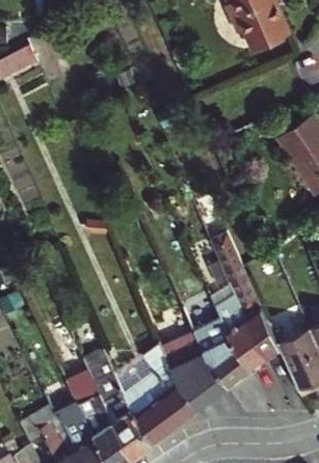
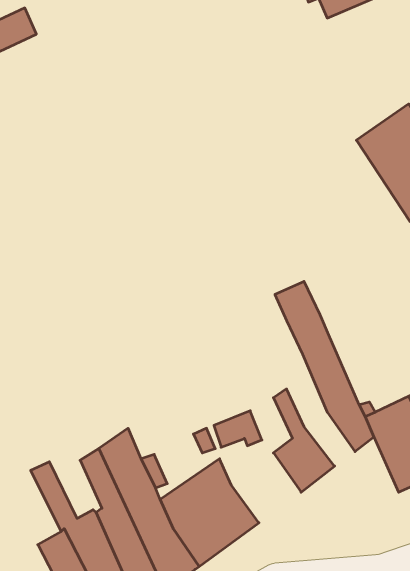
building: [214,291,268,371] -> none
building: [180,361,230,411] -> none

